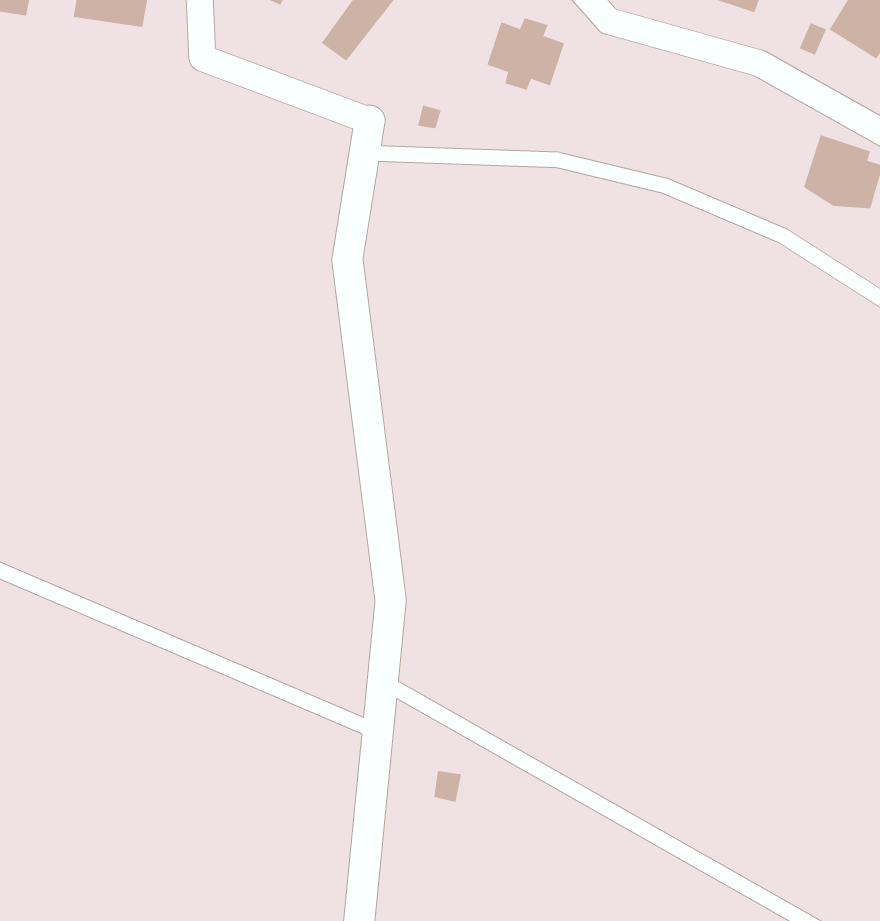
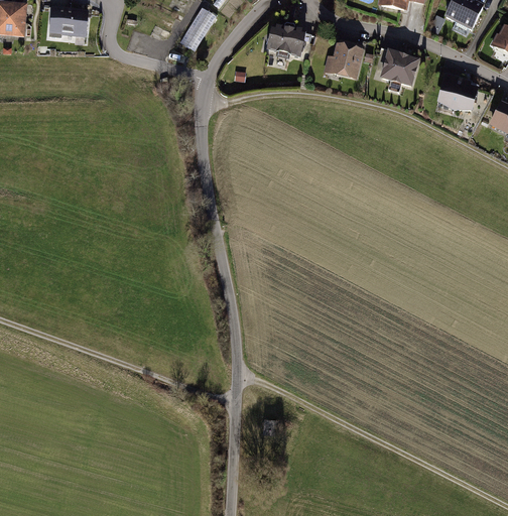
building: none -> [323,41,364,81]
building: none -> [373,47,421,95]

